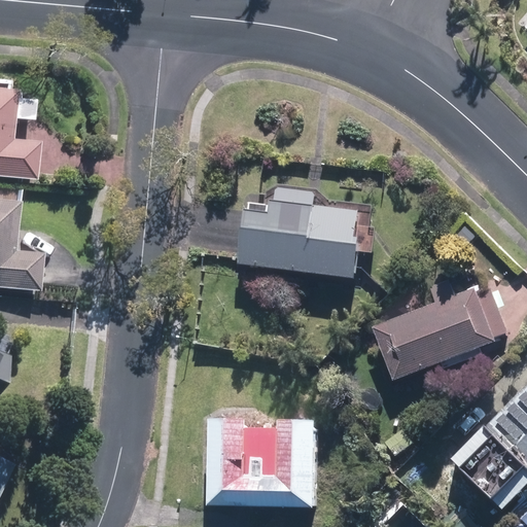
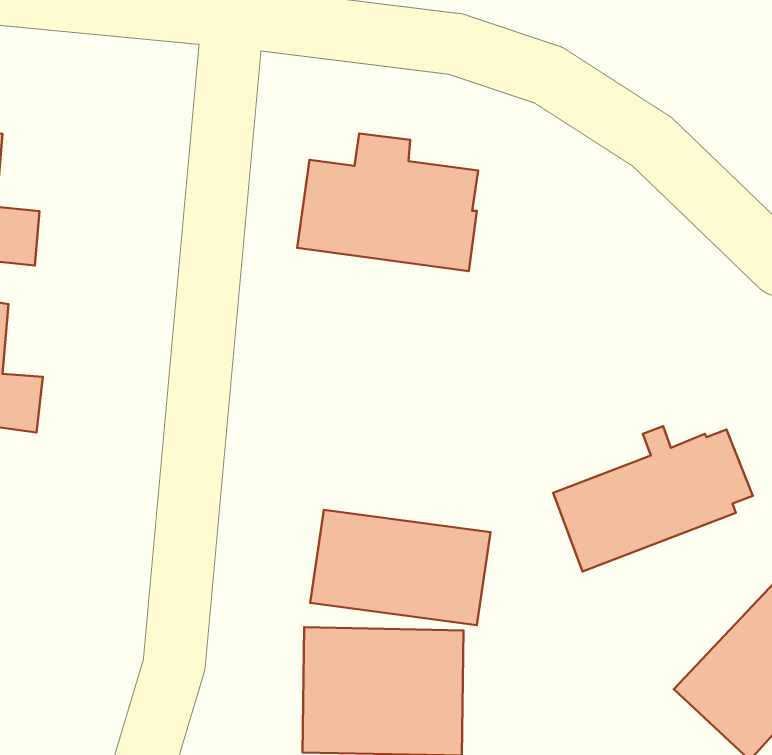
building: [239,187,359,279] -> [297,133,478,271]
building: none -> [310,510,490,625]

